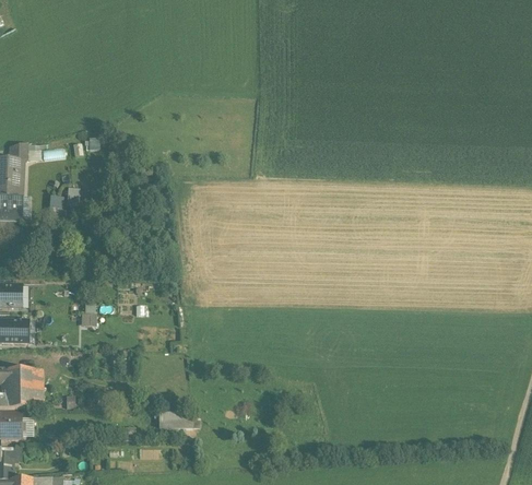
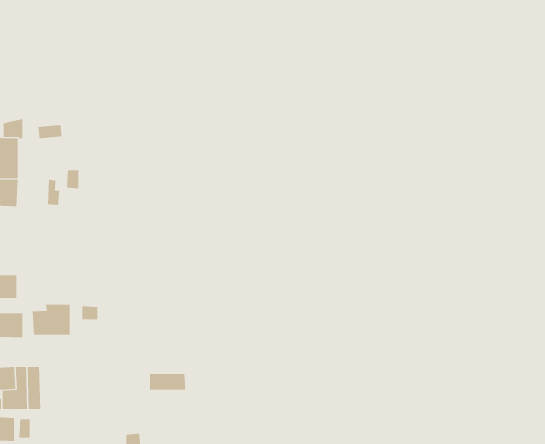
building: none -> [32,304,70,336]
building: [157,412,191,427] -> [149,374,186,390]

